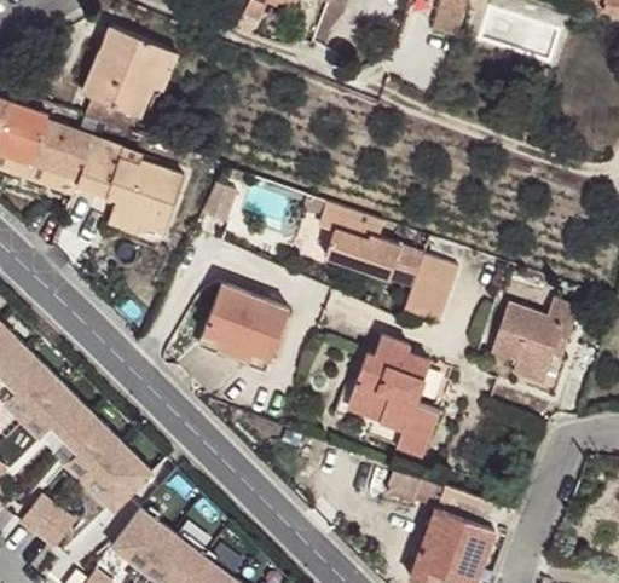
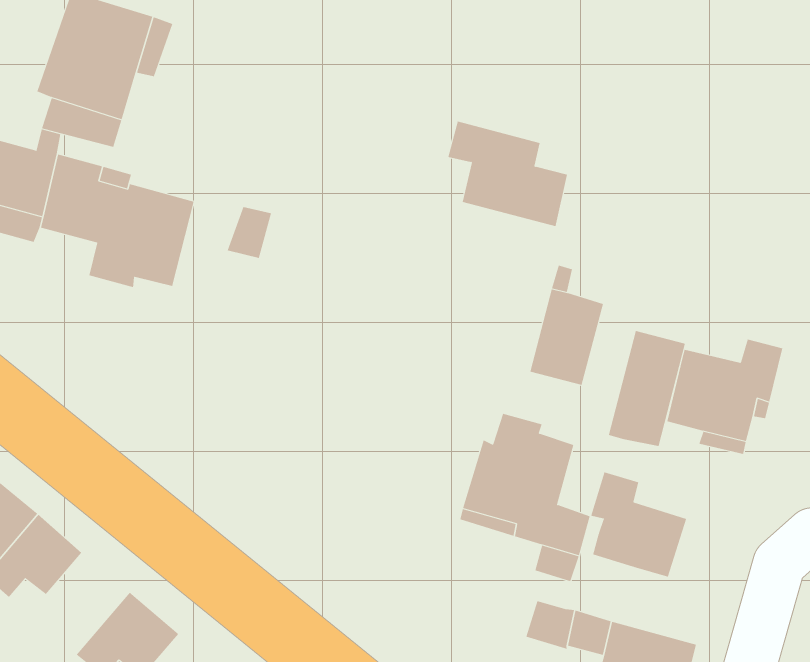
building: [319,203,400,281] -> [448,121,568,227]
building: [202,285,289,362] -> none
building: none -> [608,330,685,447]
building: none -> [591,472,687,578]
building: [62,411,118,480] -> none

